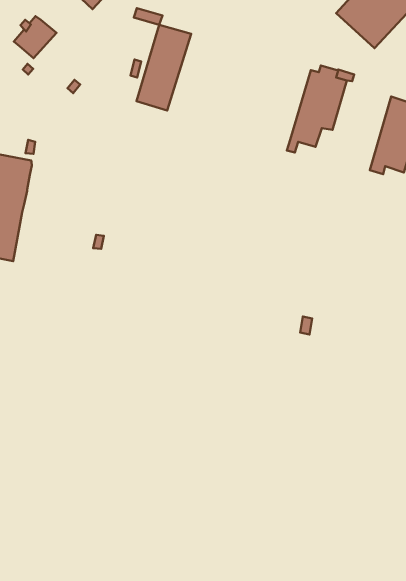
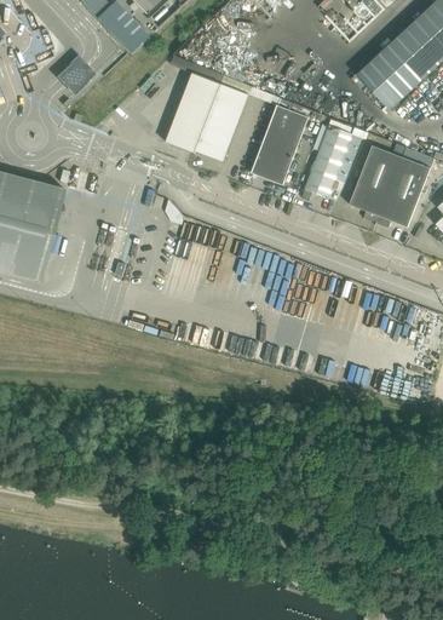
building: none -> [192,82,248,161]
building: none -> [251,104,307,184]
building: none -> [347,144,401,222]

